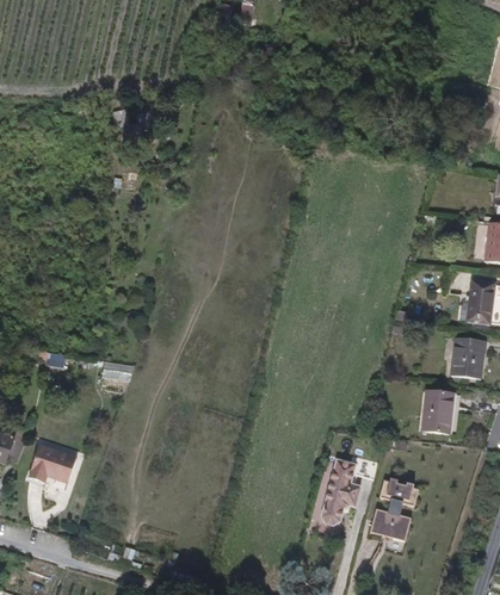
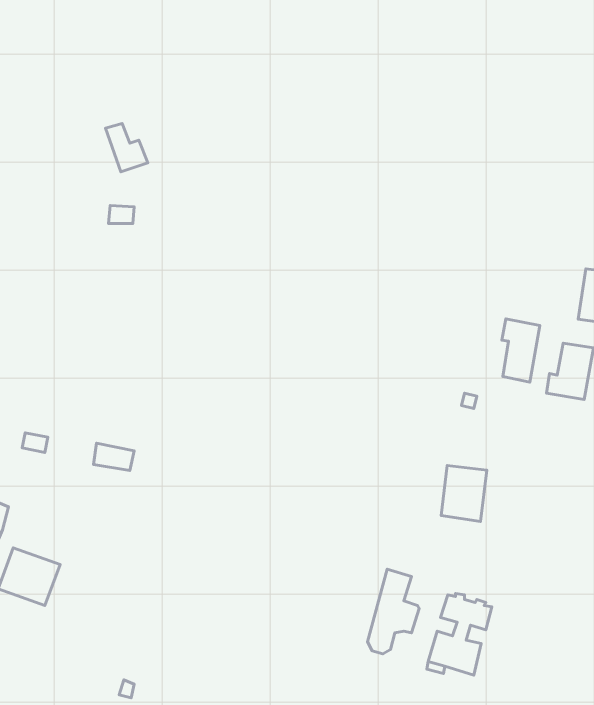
building: none -> [502,319,540,382]
building: [451,336,487,379] -> none
building: [422,390,458,434] -> [441,466,487,522]

